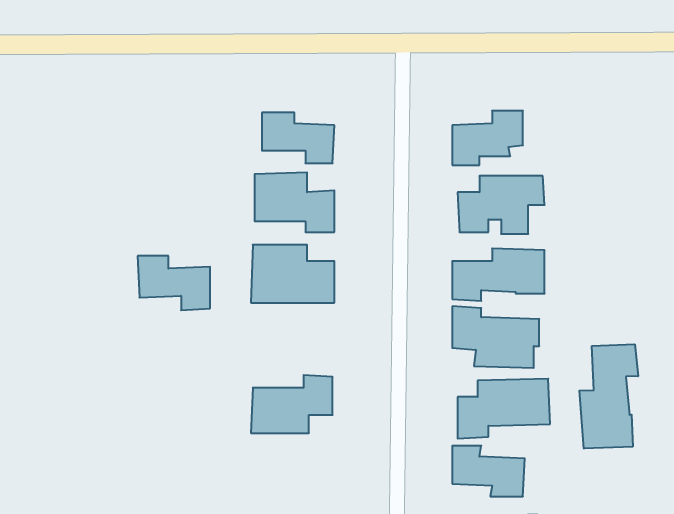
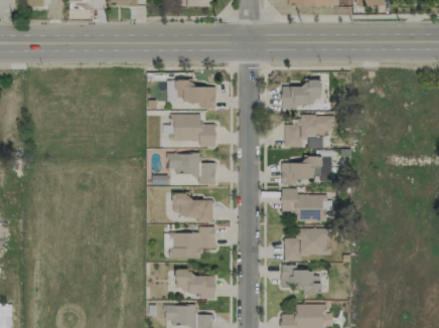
building: [138,256,210,310] -> [172,193,212,223]
building: [579,344,638,449] -> none
building: none -> [175,273,215,299]

